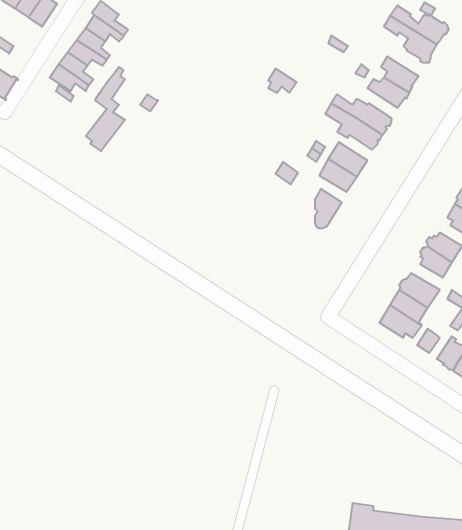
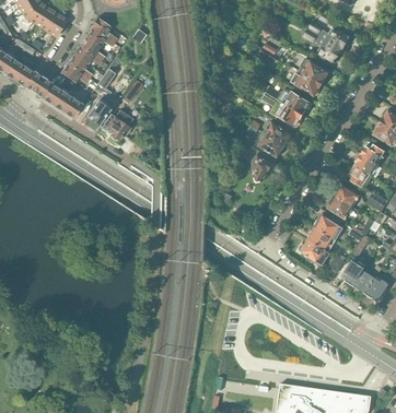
building: none -> [36,80,82,119]
building: none -> [101,109,132,140]

